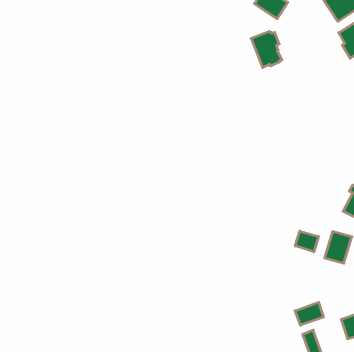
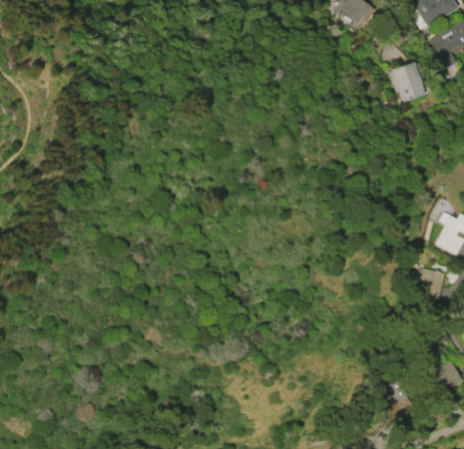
building: [251,32,282,68] -> [391,61,426,102]
building: [295,231,318,252] -> none
building: [295,302,323,325] -> none

